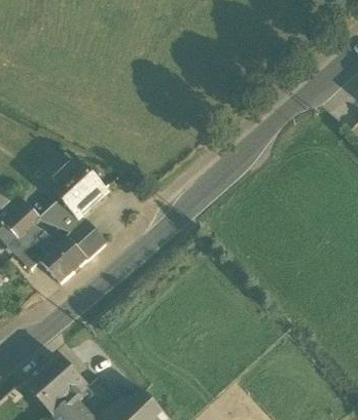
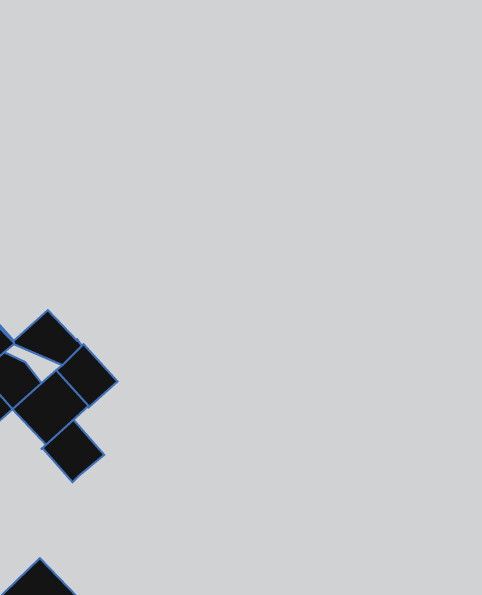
building: [51,162,107,218] -> none
building: none -> [42,420,104,482]

